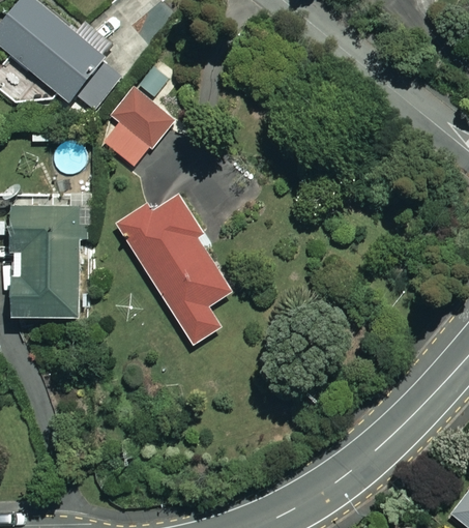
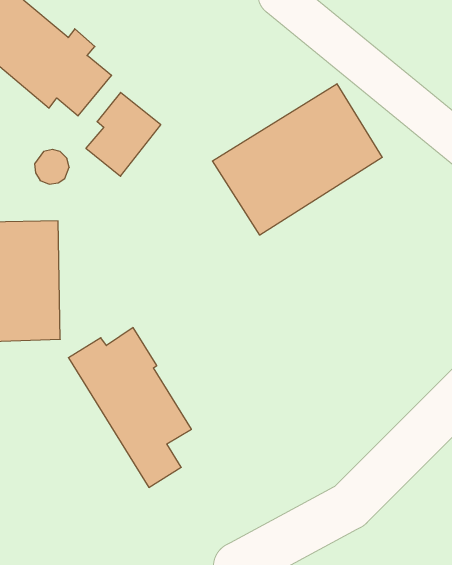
building: none -> [212,84,382,235]
building: [117,197,231,345] -> [68,328,191,487]

